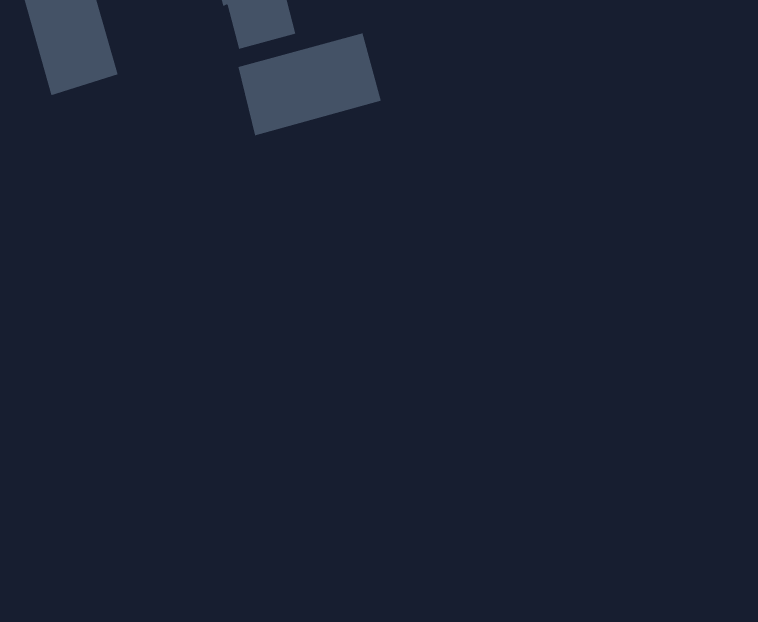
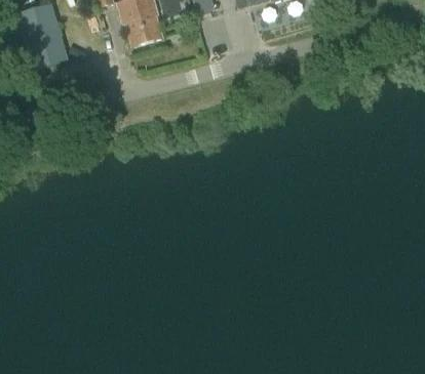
building: [238,32,381,136] -> none

